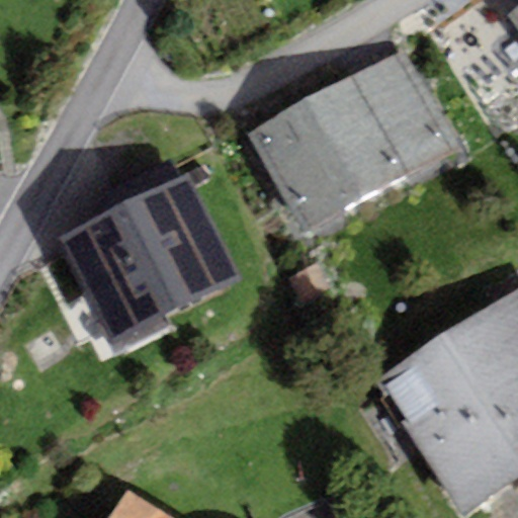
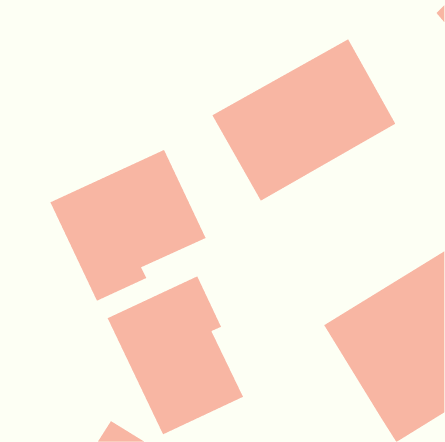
building: none -> [107,275,244,435]

